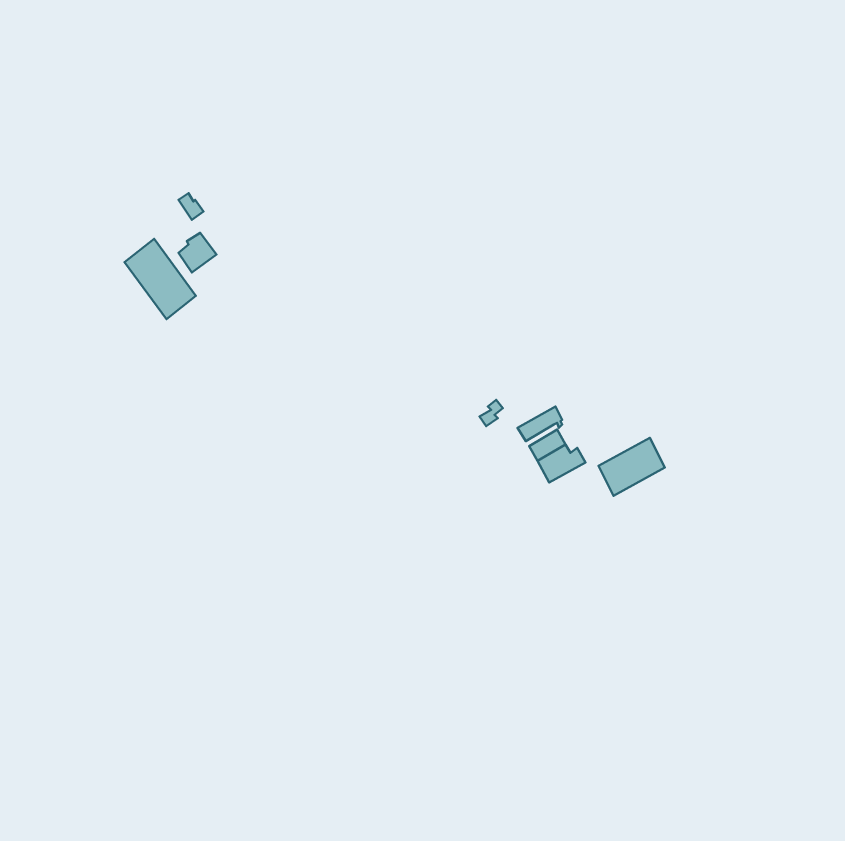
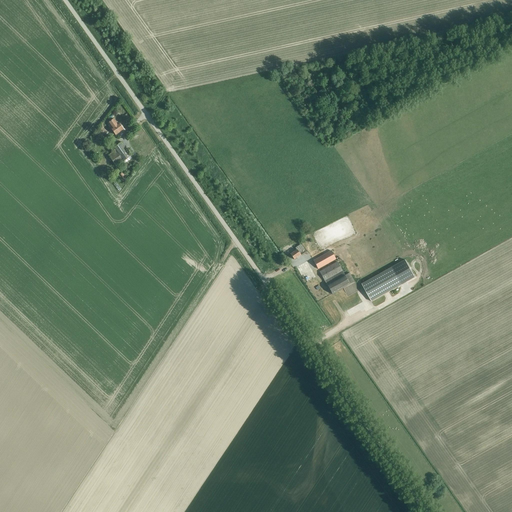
building: [125,239,196,319] -> none

